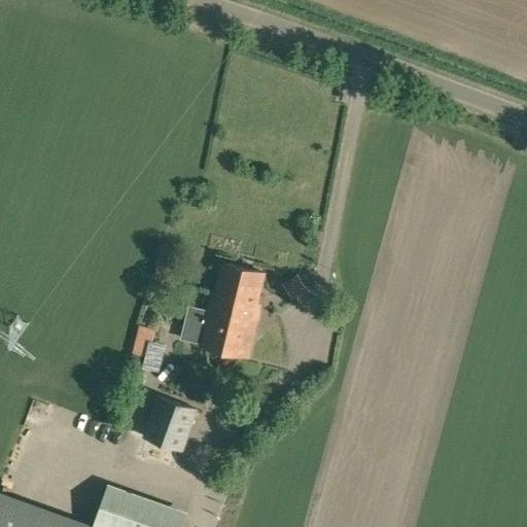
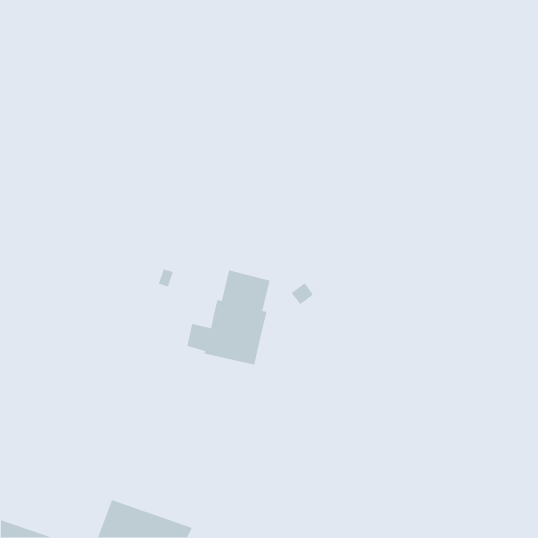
building: [144,396,198,451] -> none

